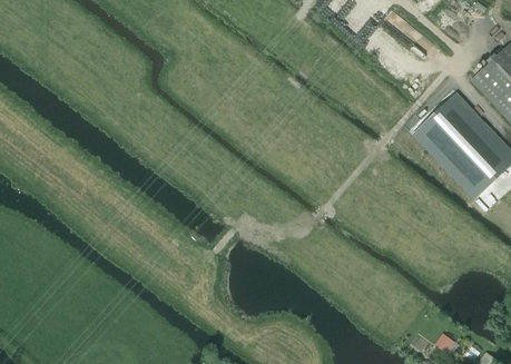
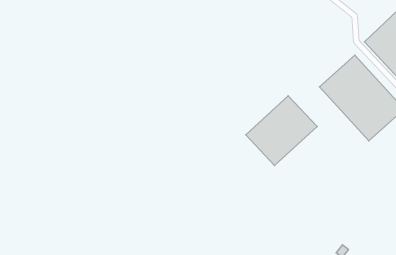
building: none -> [246,96,317,166]

